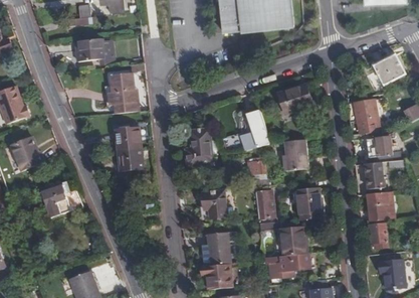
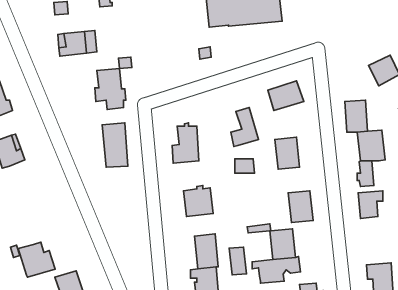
building: [40,183,76,217] -> [18,242,55,277]
building: [255,191,272,218] -> [229,247,247,275]
building: [369,221,389,250] -> none

